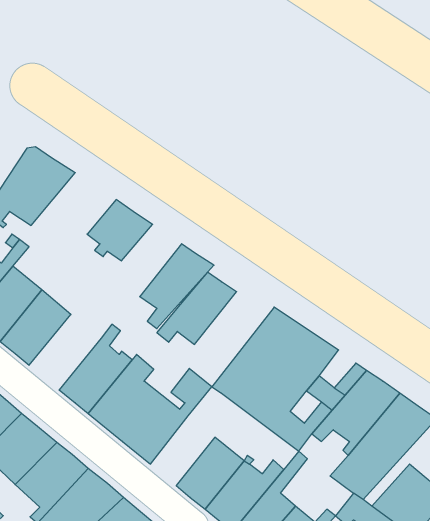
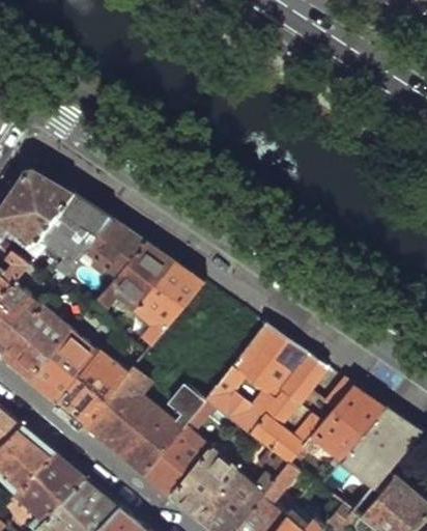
building: none -> [26,194,113,281]
building: [157,272,237,344] -> [99,244,176,313]
building: none -> [29,331,98,403]
building: none -> [146,400,215,496]

